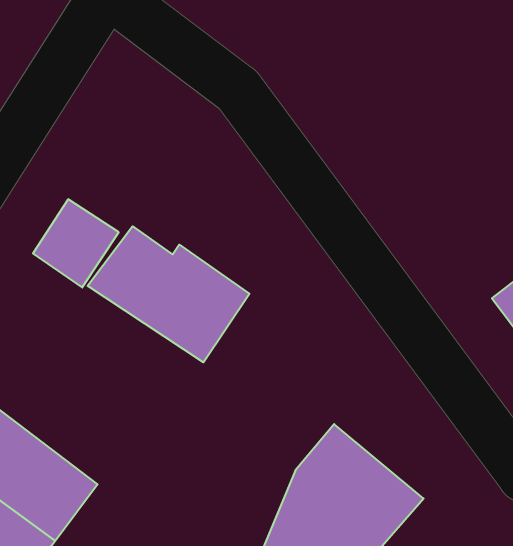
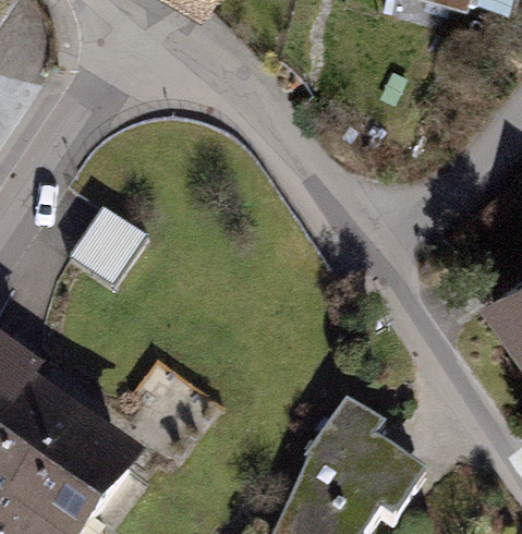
building: [88,226,249,362] -> none

